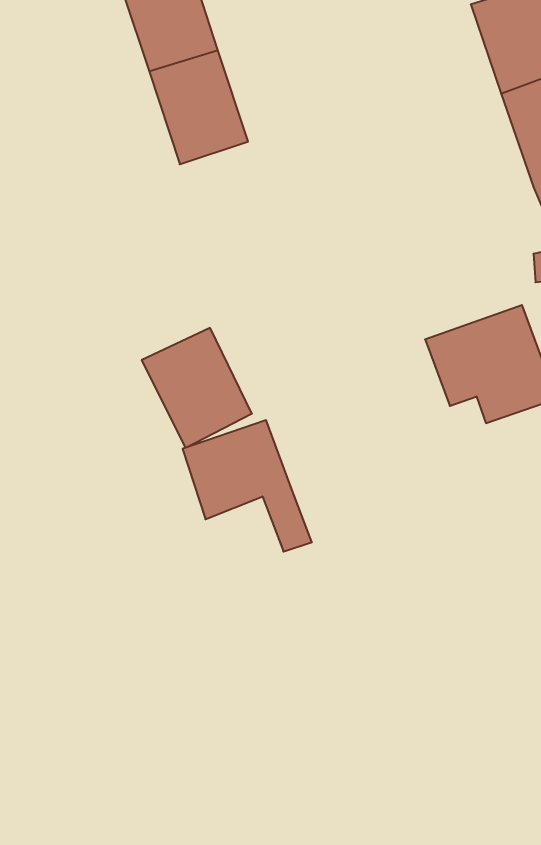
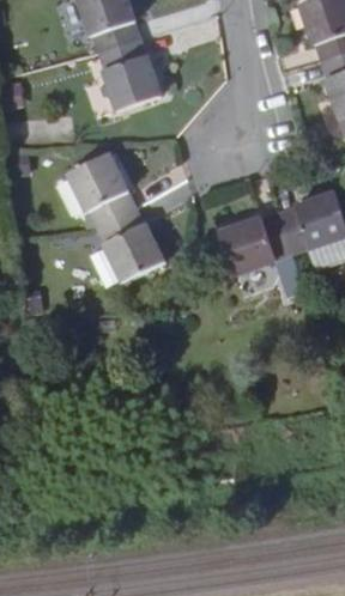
building: none -> [67,153,135,227]
building: [183,420,312,552] -> [218,214,299,297]

